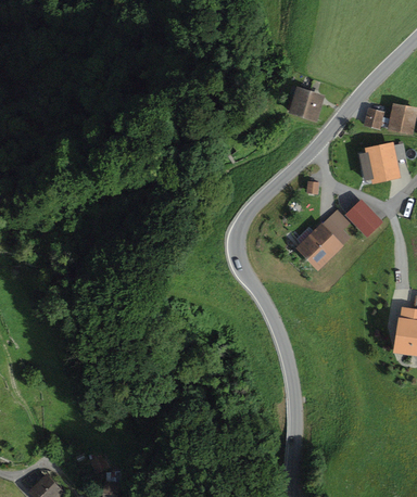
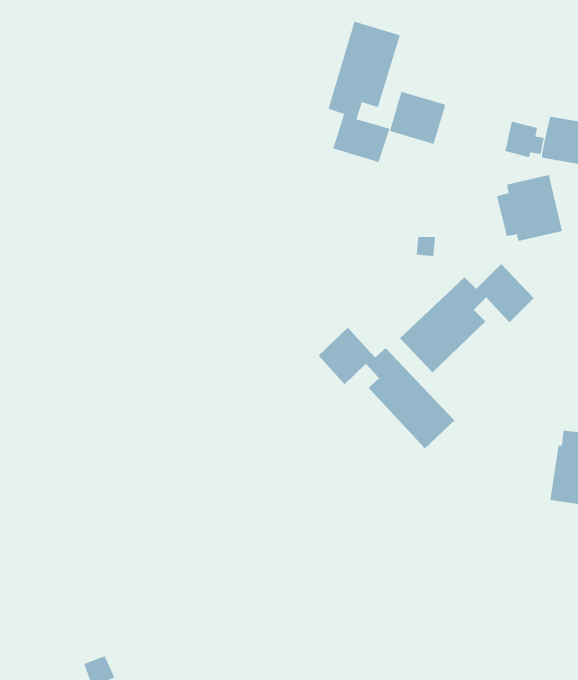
building: none -> [328,21,400,163]
building: none -> [318,327,455,449]

